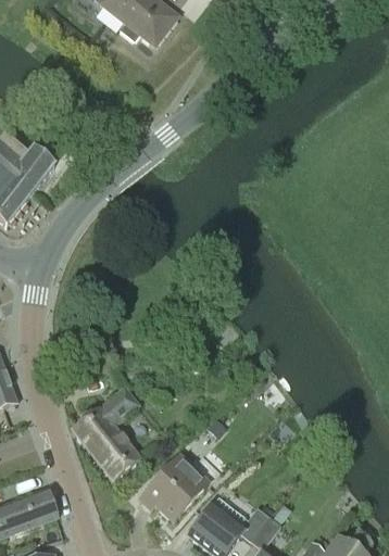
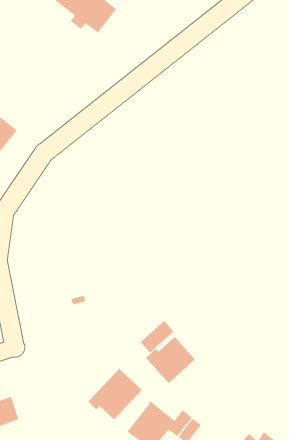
building: [71,386,140,480] -> none
building: none -> [145,336,195,384]

